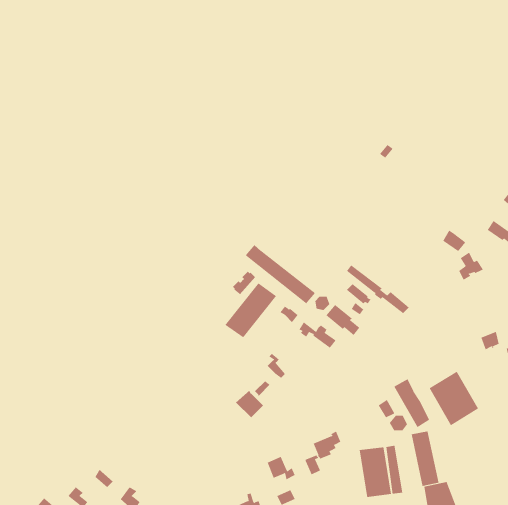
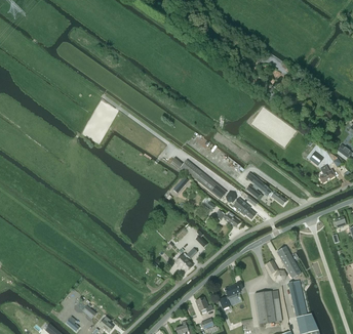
building: [225,282,277,338] -> none
building: [429,371,479,426] -> none

